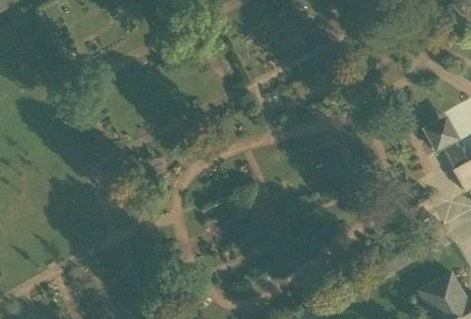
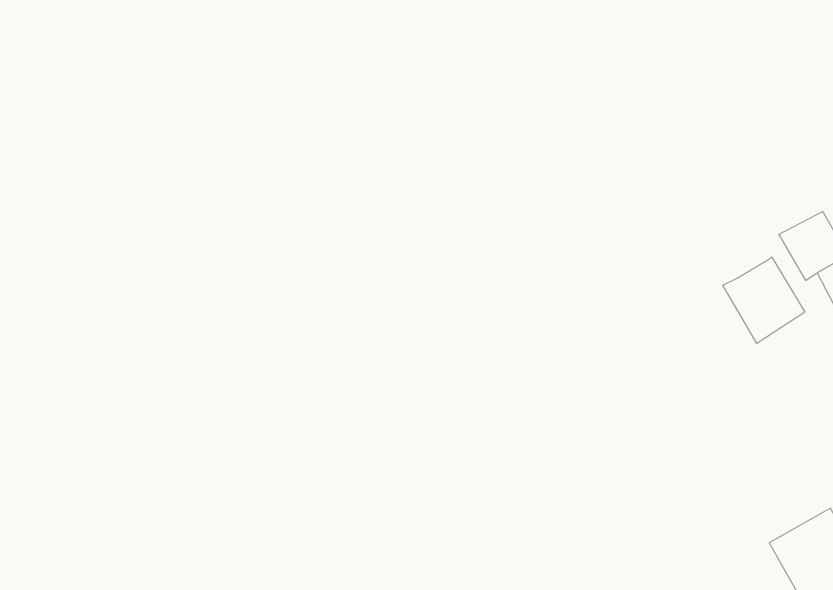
building: none -> [723,257,805,344]

